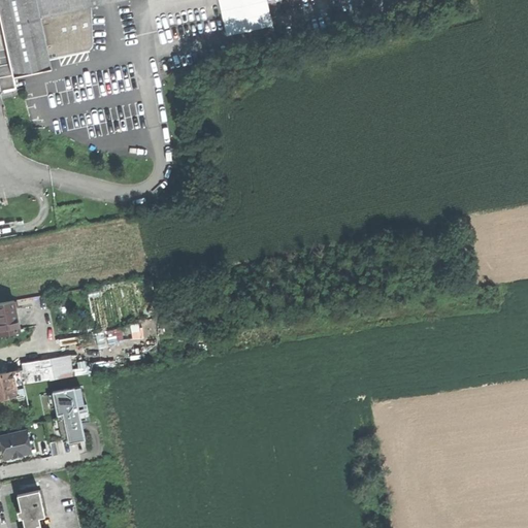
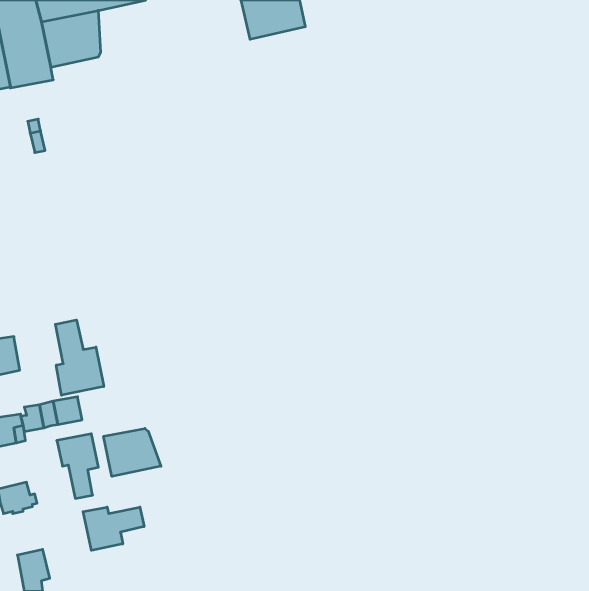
building: none -> [55,320,104,395]
building: none -> [104,428,161,476]
building: none -> [83,507,144,550]

